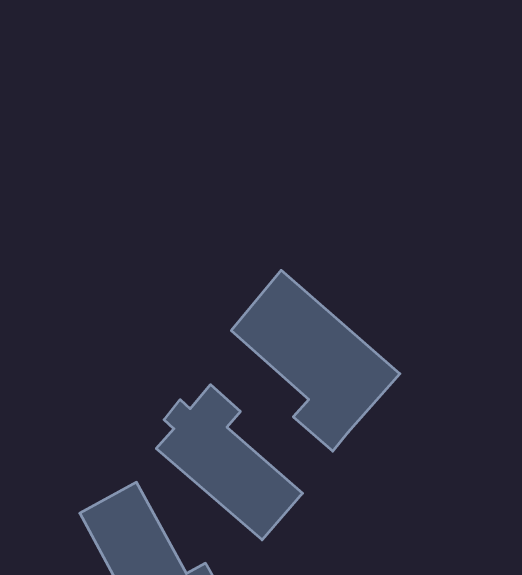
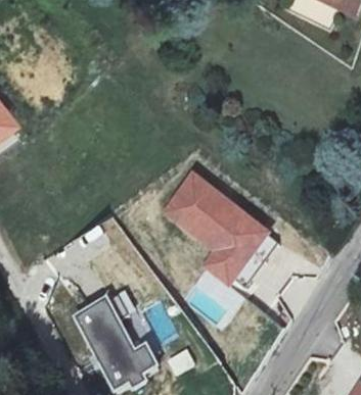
building: [156,385,303,540] -> none

